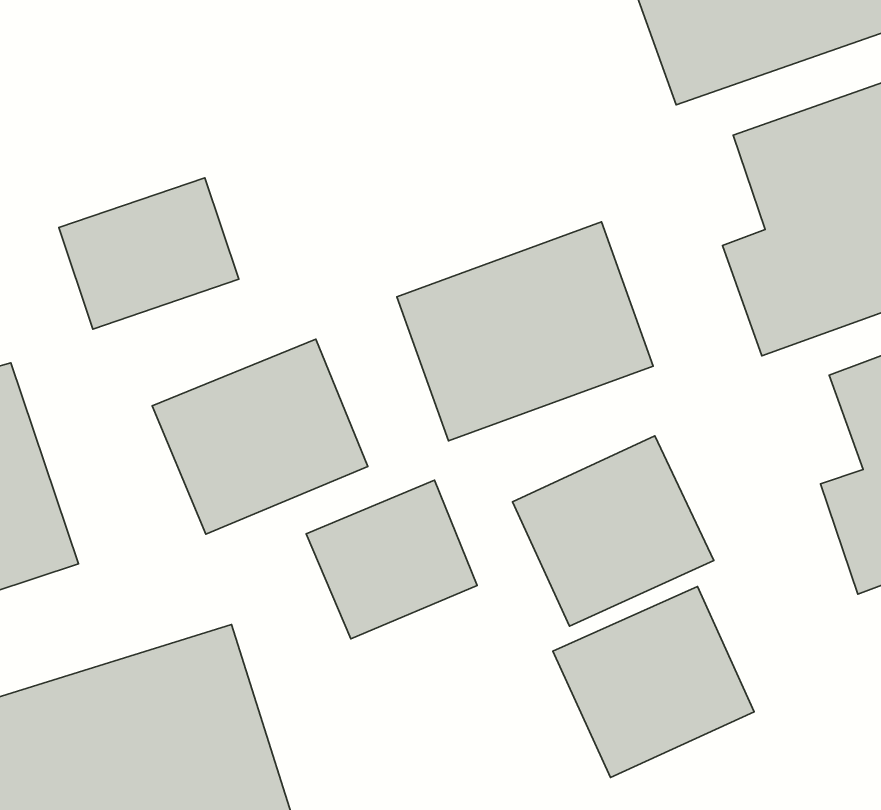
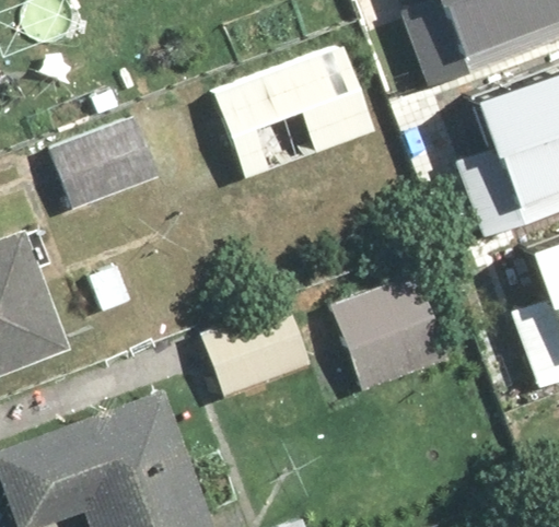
building: [397,222,653,441] -> [198,49,356,184]
building: [152,339,368,534] -> none
building: [553,586,754,777] -> none

